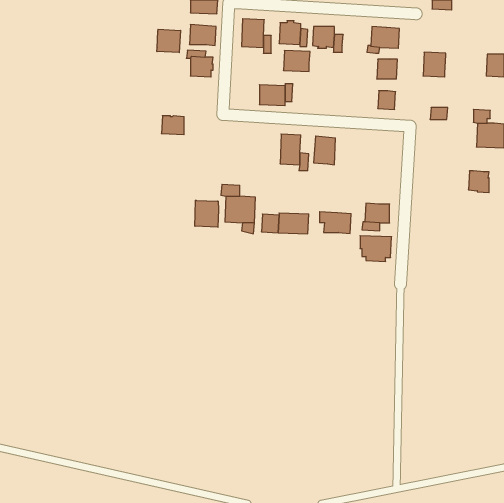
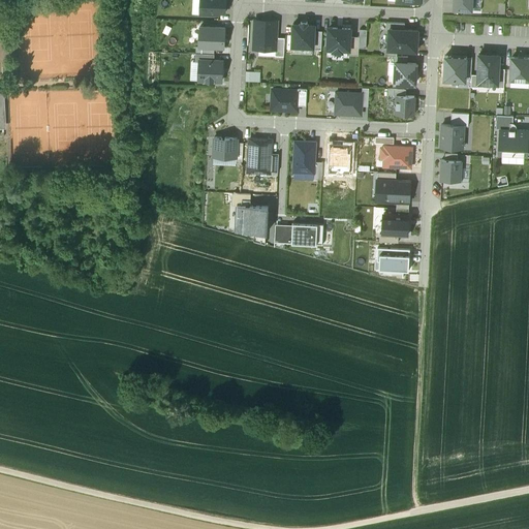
building: [157,29,181,53] -> none
building: [283,51,310,71] -> [335,93,363,115]
building: none -> [477,55,500,84]
building: [161,116,184,135] -> [213,137,237,157]
building: none -> [441,125,464,149]
building: none -> [247,137,272,176]
building: none -> [381,147,412,167]
building: [468,171,489,193] -> [440,160,462,183]
building: [195,200,219,227] -> none
building: [320,212,351,233] -> [377,180,410,203]

